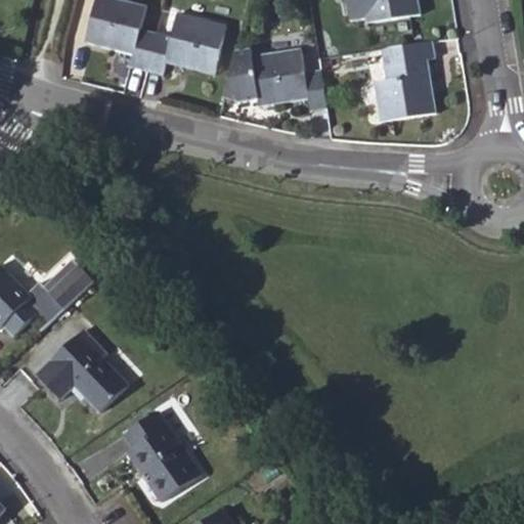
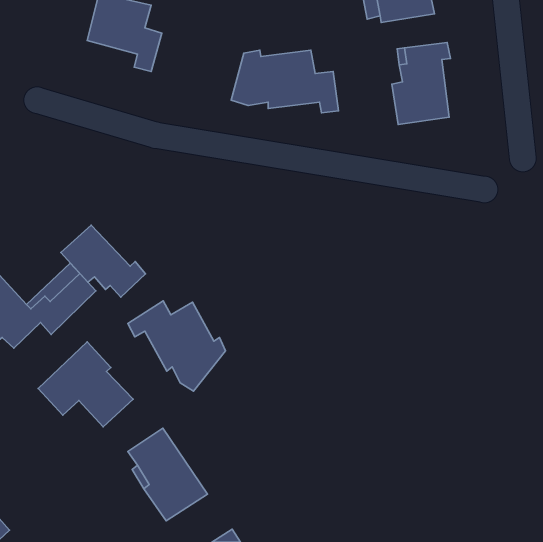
building: [145,13,224,73] -> none
building: none -> [61,225,145,297]
building: none -> [128,301,225,391]

